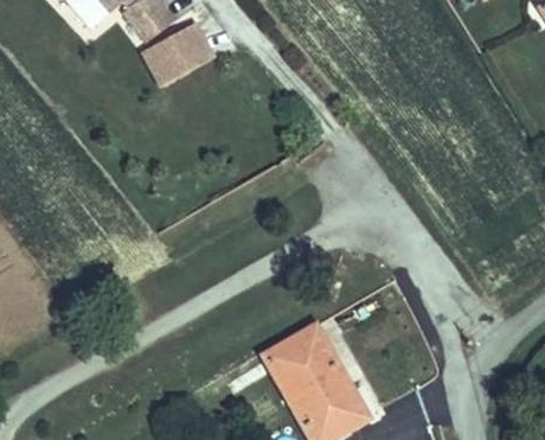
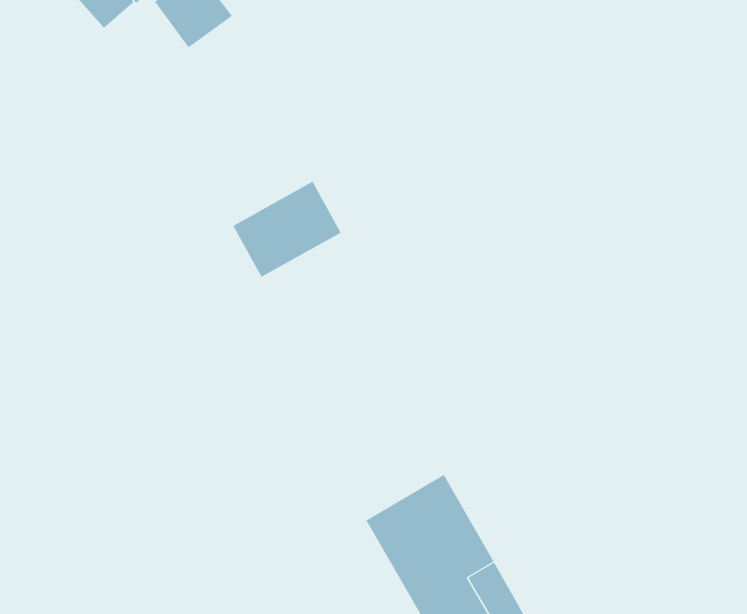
building: [141,23,213,87] -> [232,181,342,278]

